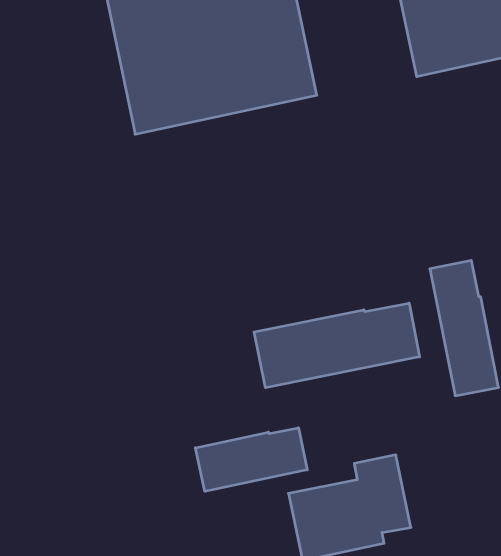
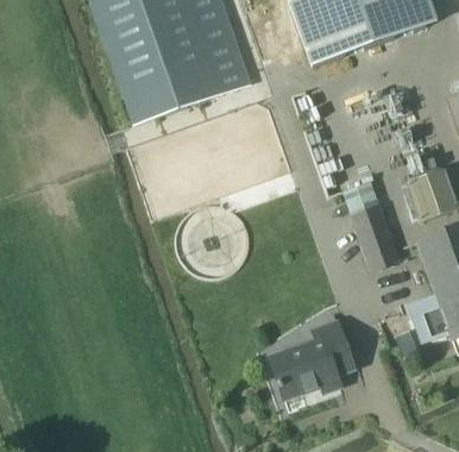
building: [254,303,420,388] -> none
building: [195,428,307,491] -> none

